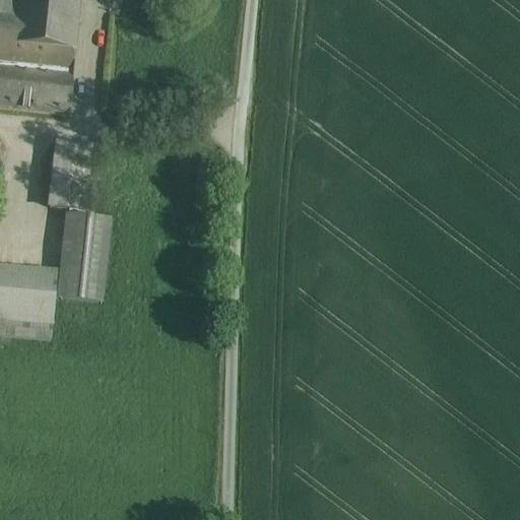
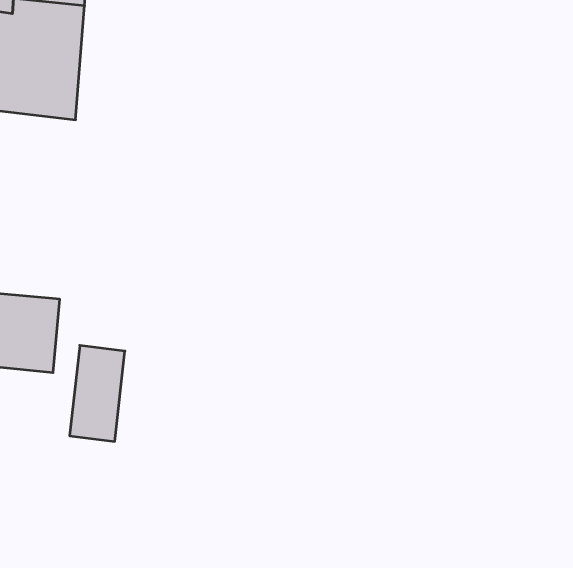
building: [48,139,88,205] -> none
building: [58,211,108,298] -> [70,345,125,441]

